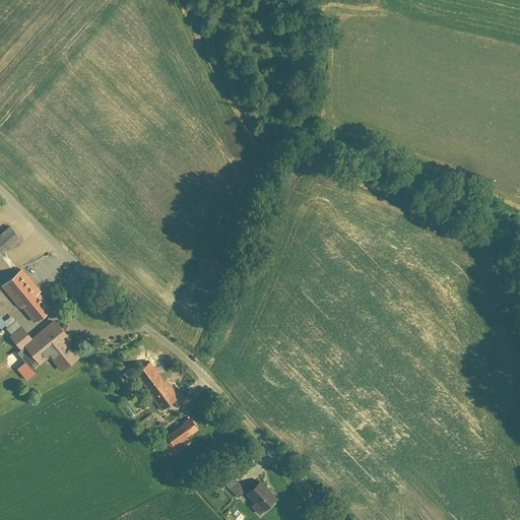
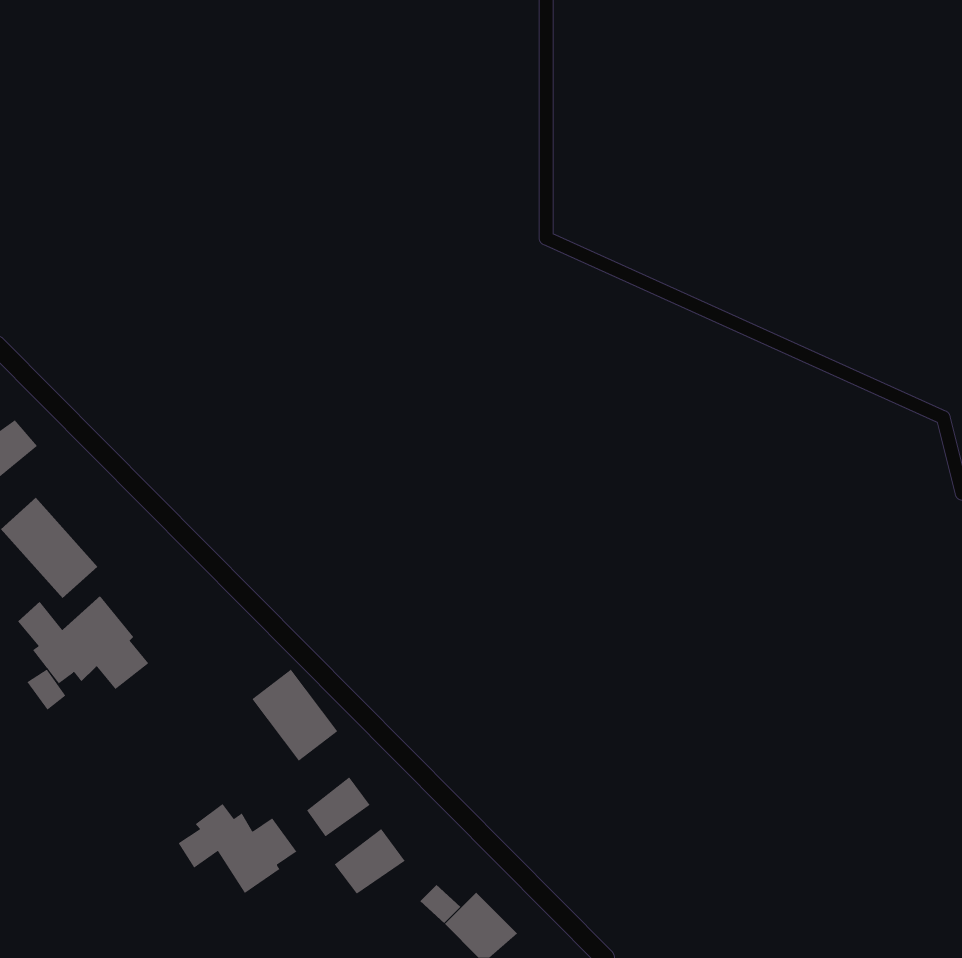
building: none -> [178,803,297,894]
building: none -> [334,828,406,895]

